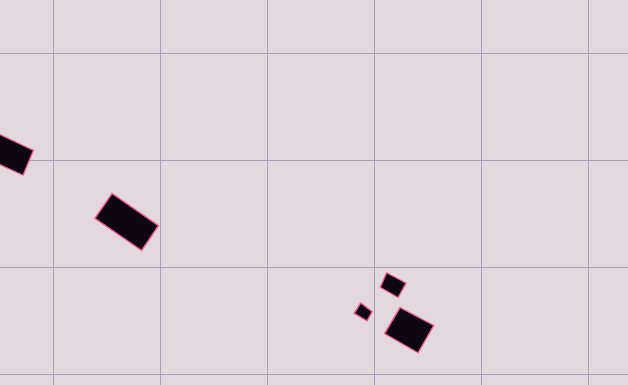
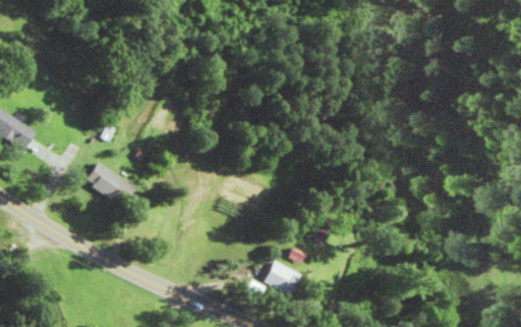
building: [384,307,434,353] -> [259,261,298,296]

